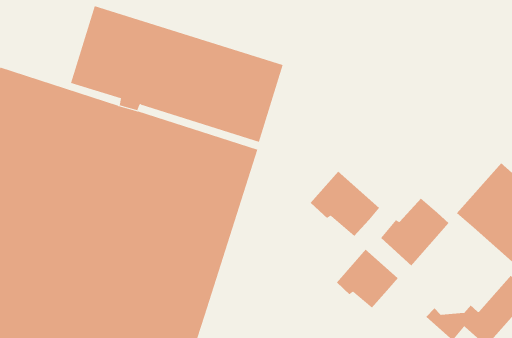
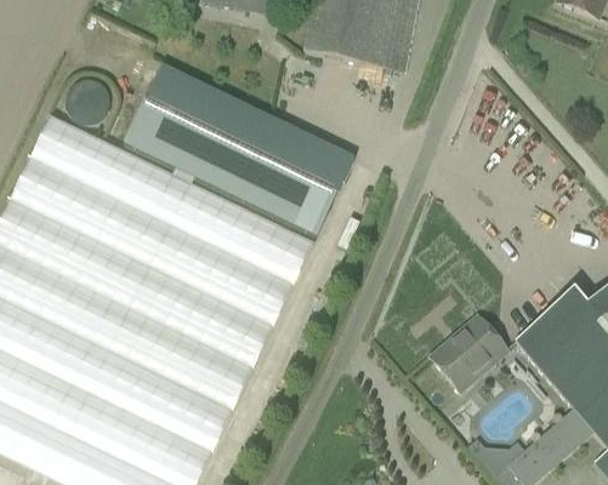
building: [310,171,380,237] -> none
building: [336,249,399,309] -> none

